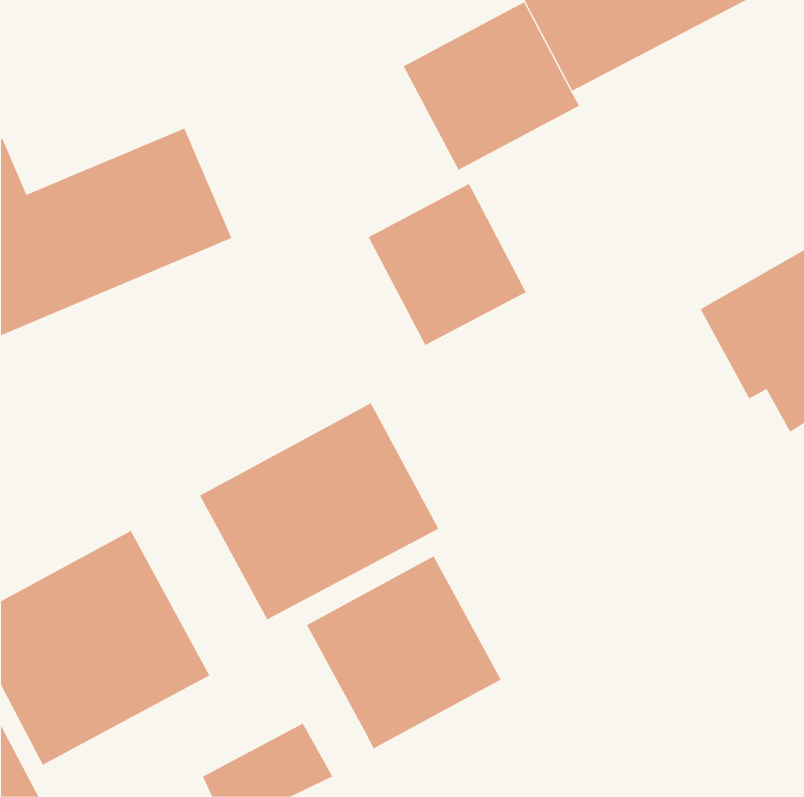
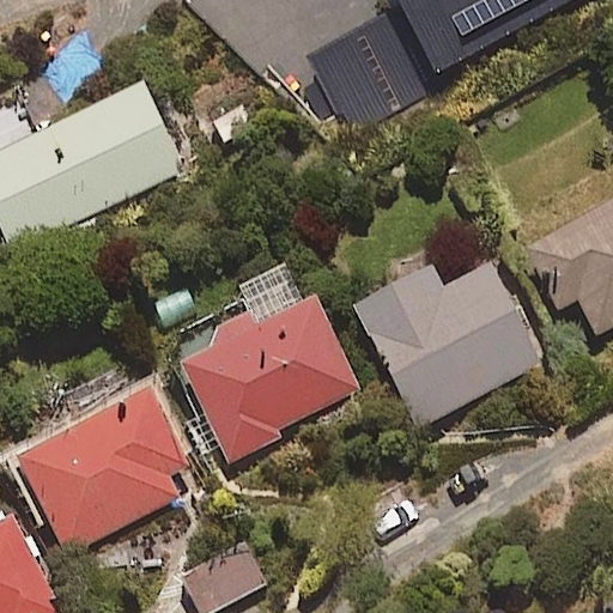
building: [368,183,527,346] -> none
building: none -> [362,255,551,420]
building: [306,556,502,749] -> none

